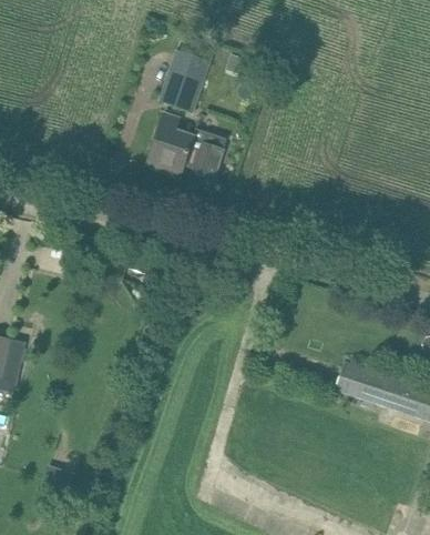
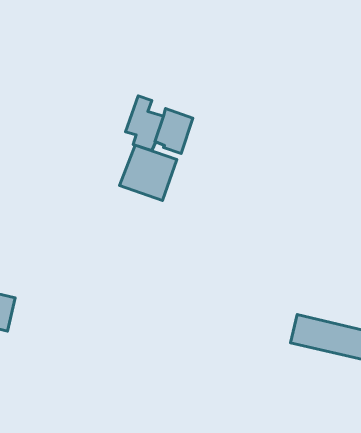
building: [157,50,208,112] -> none
building: none -> [120,145,177,201]

